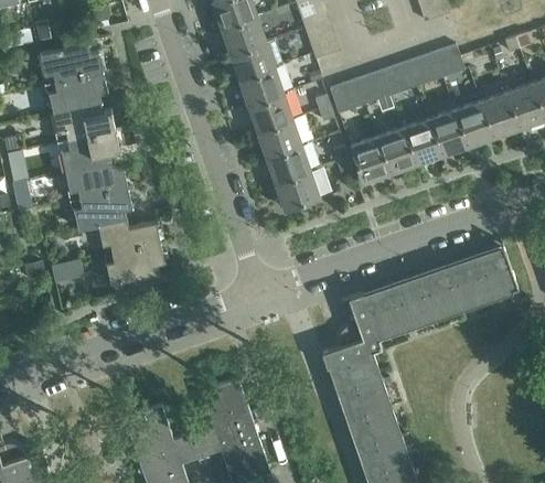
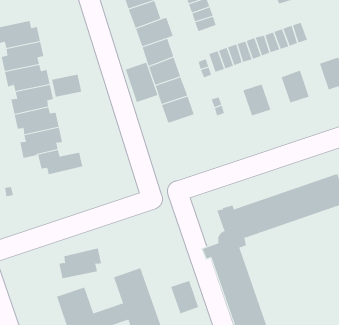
building: none -> [125,62,158,103]
building: [453,103,491,148] -> none
building: none -> [51,74,82,98]
building: [402,121,439,165] -> none
building: [350,139,387,183] -> none
building: [274,172,319,211] -> none
building: [105,243,163,285] -> [59,248,102,279]
building: none -> [171,280,199,314]

